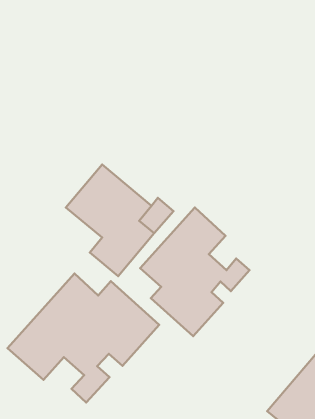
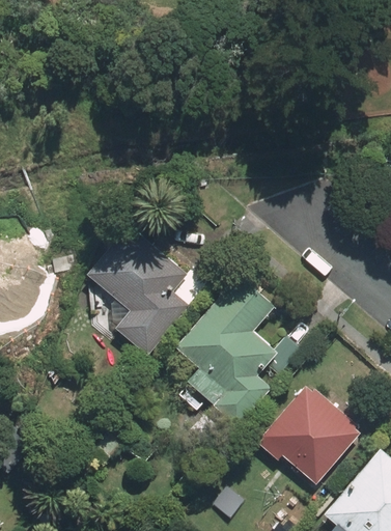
building: [7,274,159,402] -> none
building: none -> [258,386,363,485]

